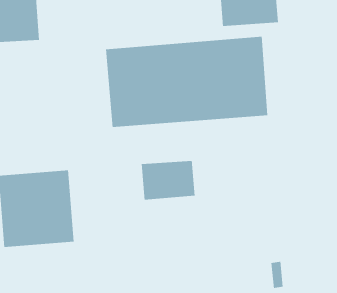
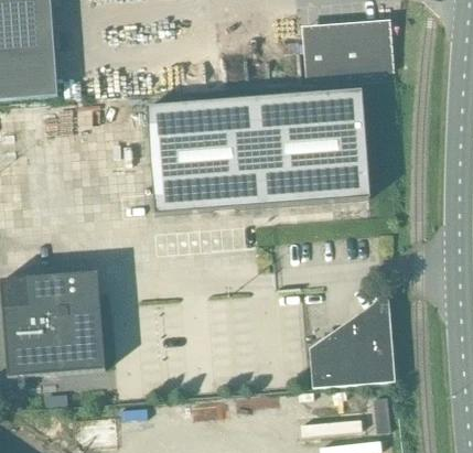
building: [141,160,195,200] -> none
building: none -> [309,291,395,386]

